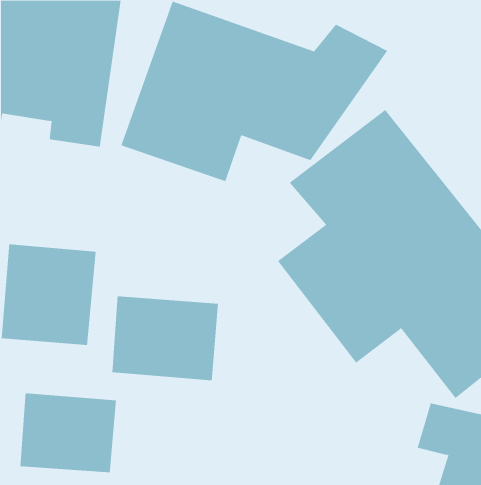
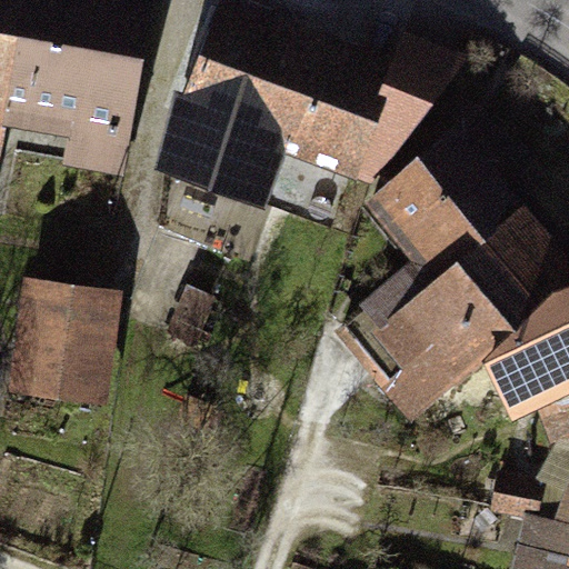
building: [112,295,218,381] -> none
building: [20,392,116,473] -> none

